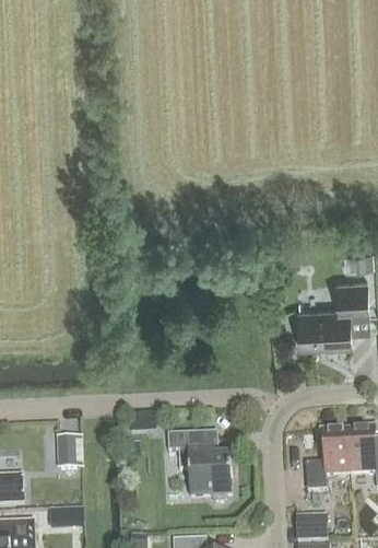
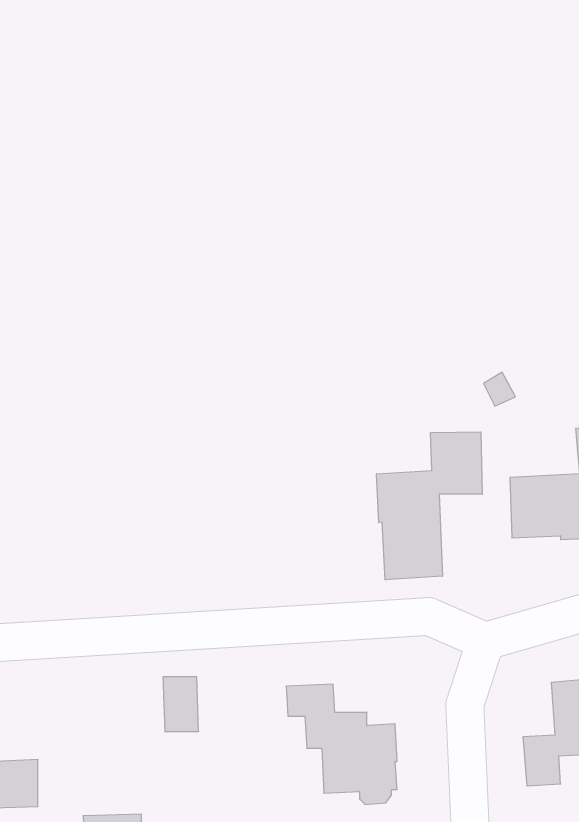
building: none -> [377,432,482,580]
building: [56,434,76,466] -> [163,677,199,731]

